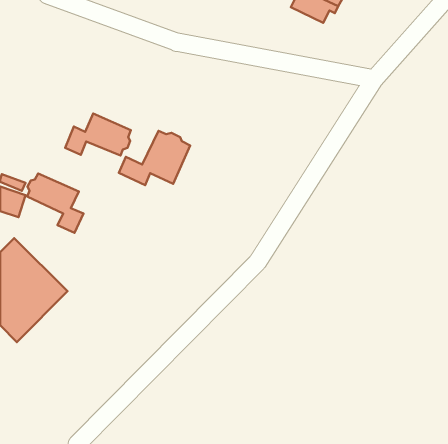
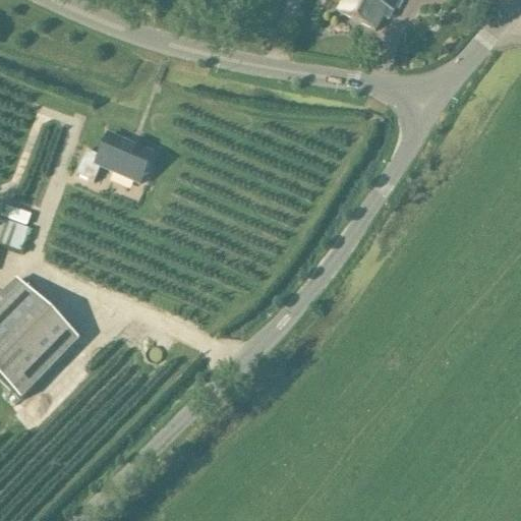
building: [119,131,190,185] -> none
building: [27,173,83,233] -> none

